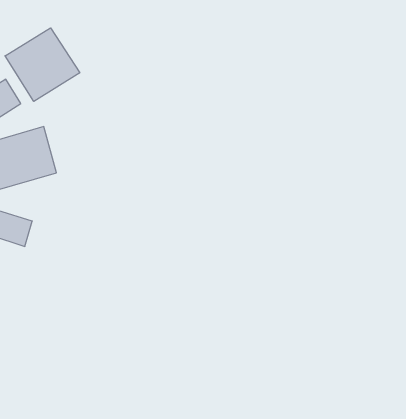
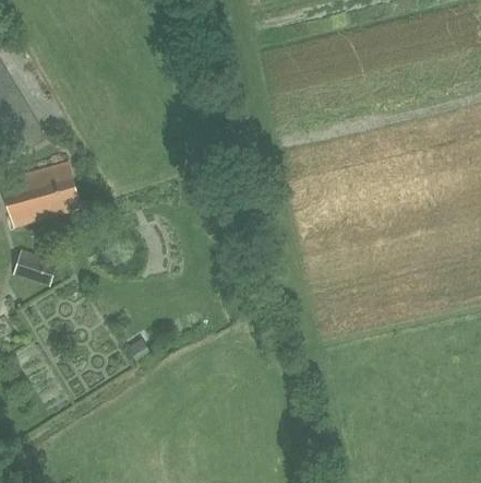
building: [5,28,80,101] -> none

